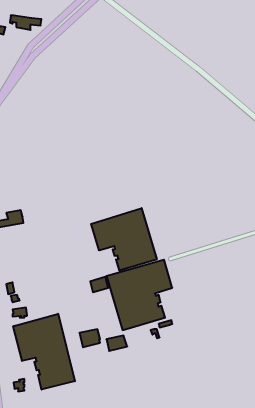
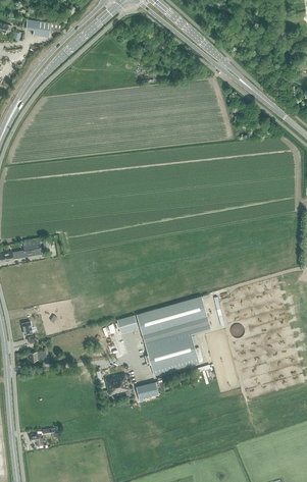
building: [91,208,157,271] -> none
building: [13,314,75,390] -> none

